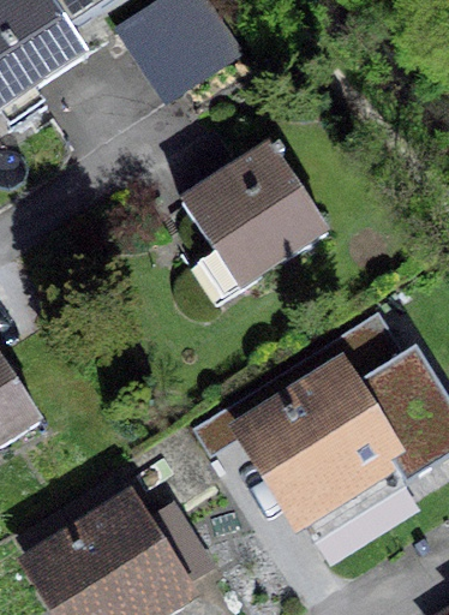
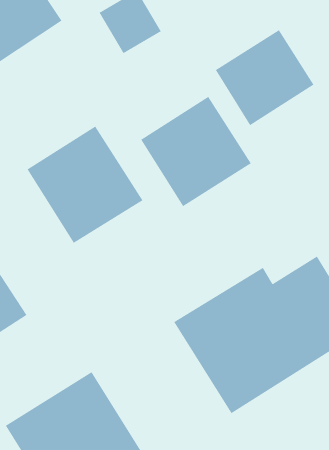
building: none -> [215,29,314,126]
building: none -> [27,125,143,244]

